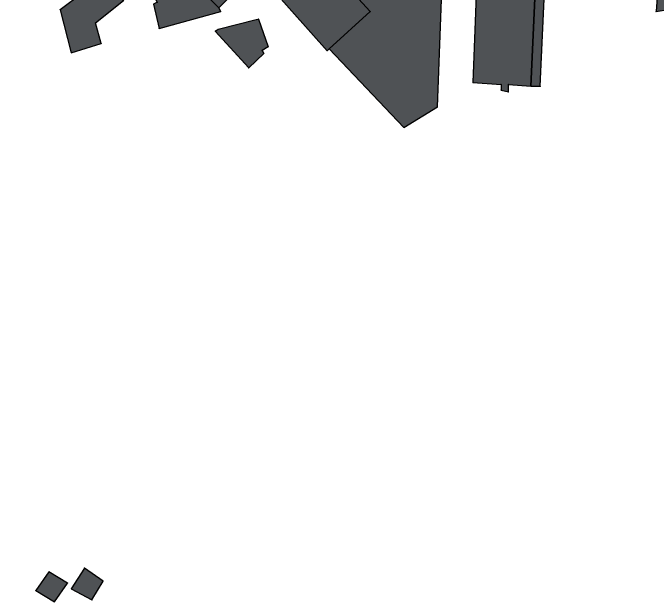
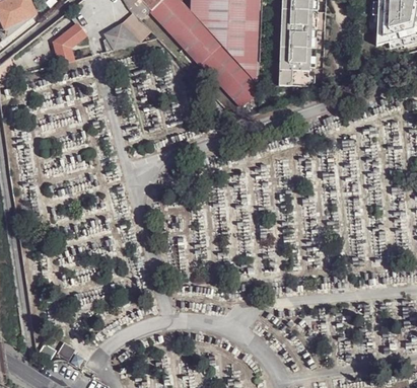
building: [215,19,268,68] -> none

